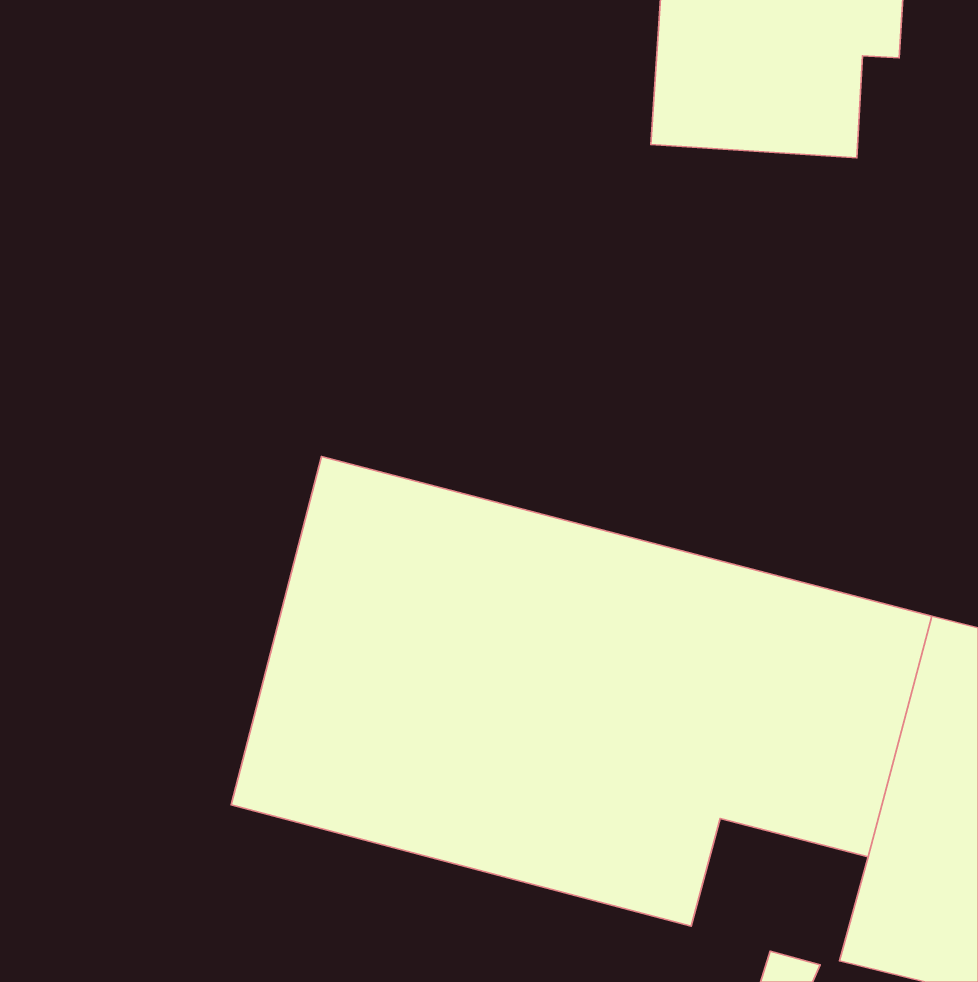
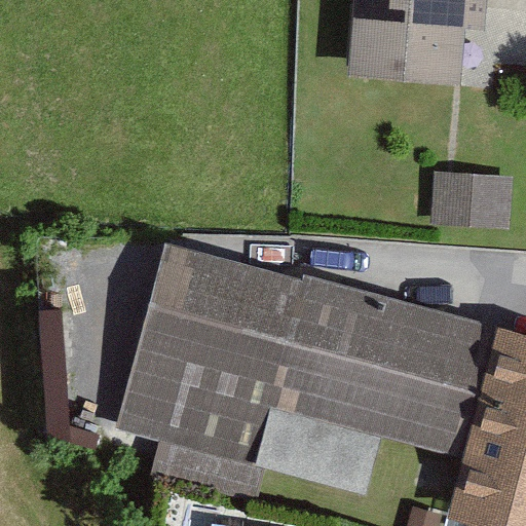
building: none -> [433,173,512,228]

